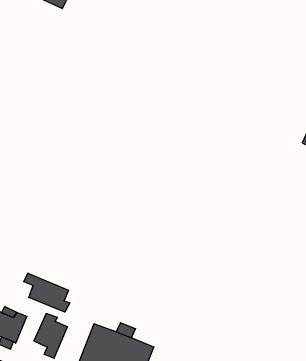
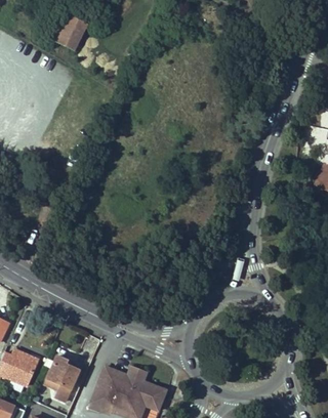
building: [24,273,70,312] -> none

